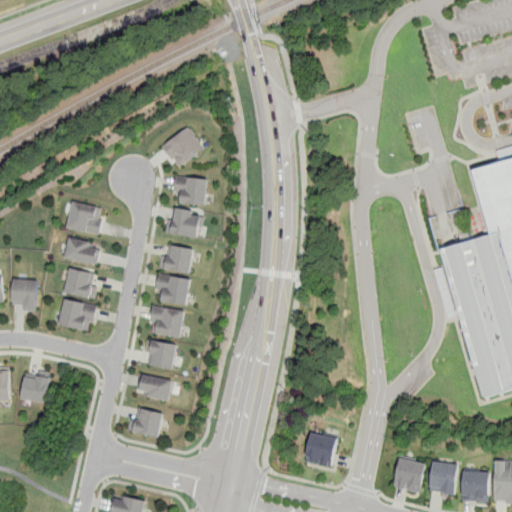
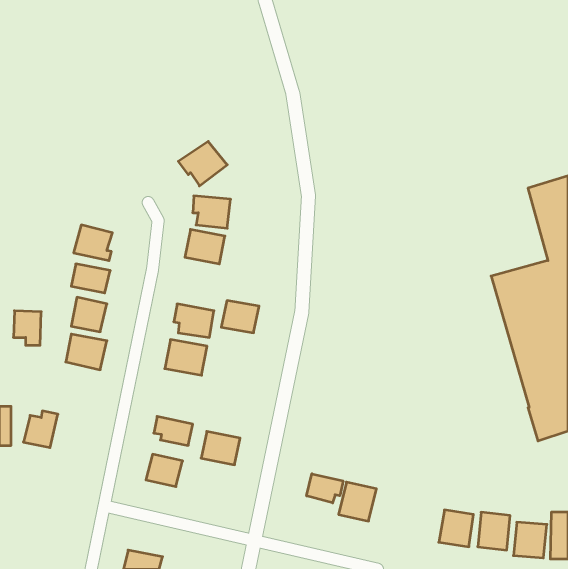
building: [160,243,194,272] -> [221,301,259,333]
building: [143,339,178,369] -> [201,431,240,465]
building: none -> [307,474,343,503]

